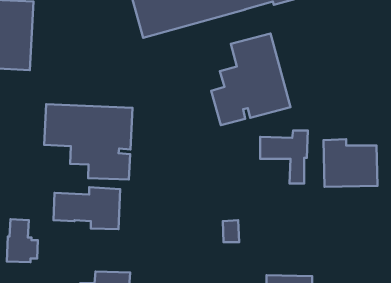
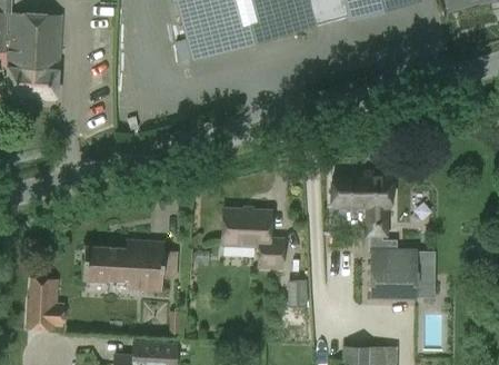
building: [211,33,290,125] -> none
building: [44,104,133,180] -> none
building: [323,139,377,187] -> [376,239,441,297]
building: none -> [223,208,285,268]

